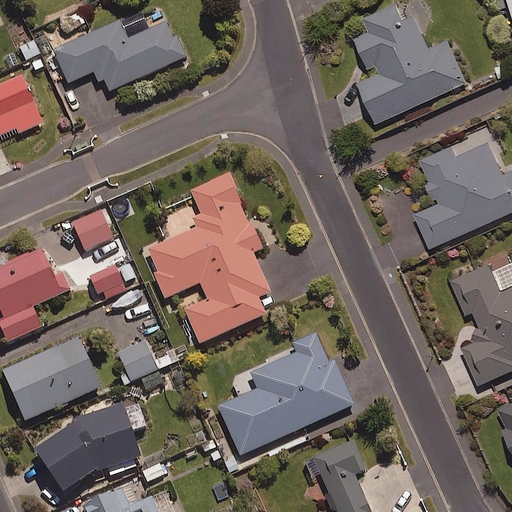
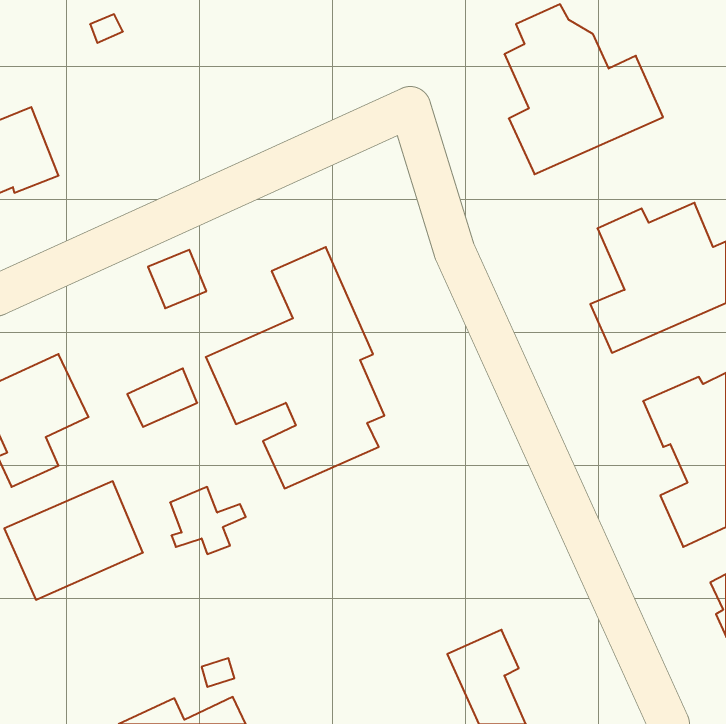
building: [53,20,182,91] -> none
building: [72,208,113,249] -> [148,250,206,308]
building: [218,331,352,454] -> none
building: [36,395,147,494] -> none

